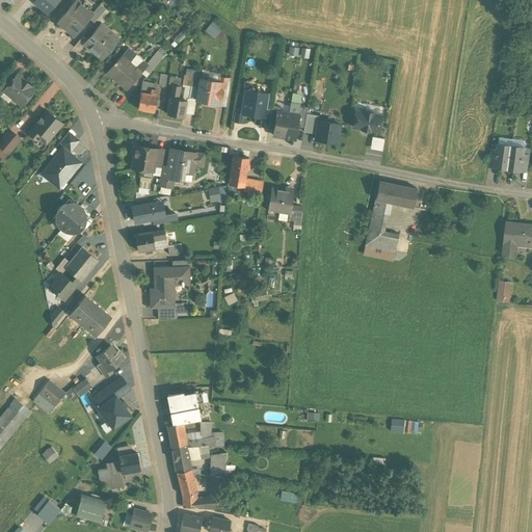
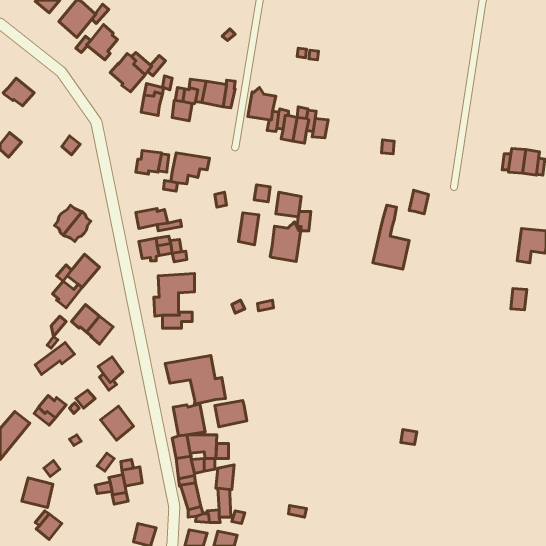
building: [29,111,61,142] -> none
building: [352,111,382,131] -> none
building: [315,122,340,143] -> none
building: [42,149,80,188] -> none
building: [229,156,248,187] -> [239,213,259,245]
building: [376,181,402,205] -> none
building: none -> [270,222,301,262]
building: none -> [165,355,225,404]
building: [91,377,130,408] -> [35,343,75,375]
building: none -> [215,401,247,427]
building: [75,494,105,523] -> [22,478,53,508]

